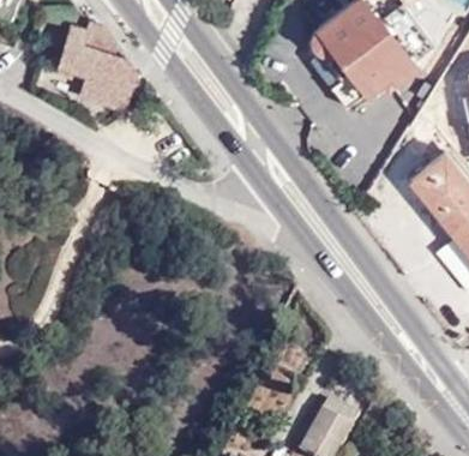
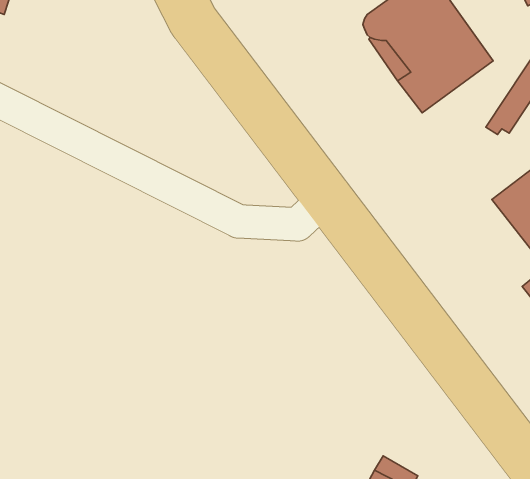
building: [54,28,138,110] -> none

